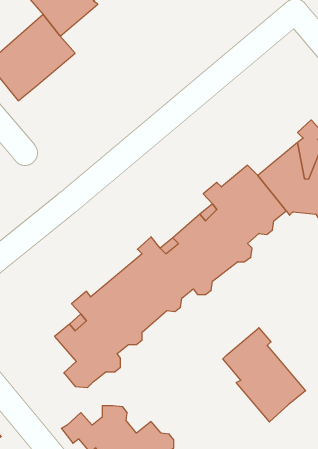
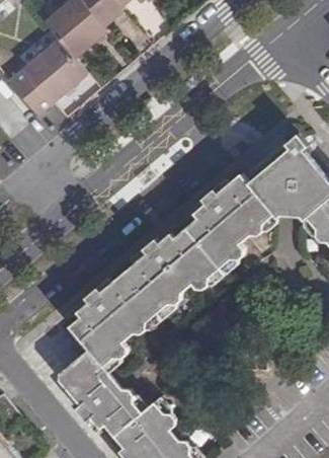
building: [223,328,306,422] -> none
building: none -> [60,359,120,405]

